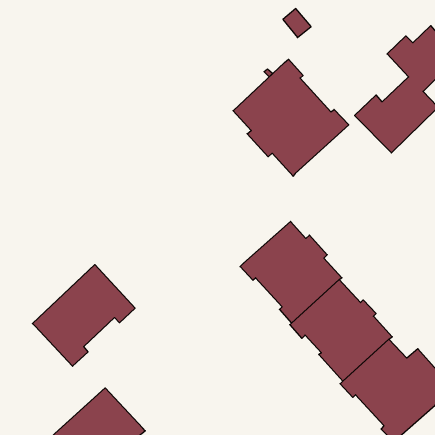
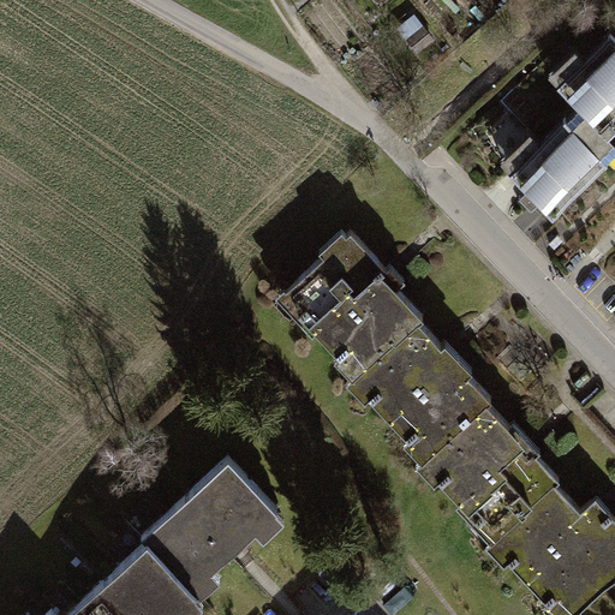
building: [233,59,349,176] -> none
building: none -> [269,225,414,372]
building: [32,265,135,366] -> [147,461,291,604]

